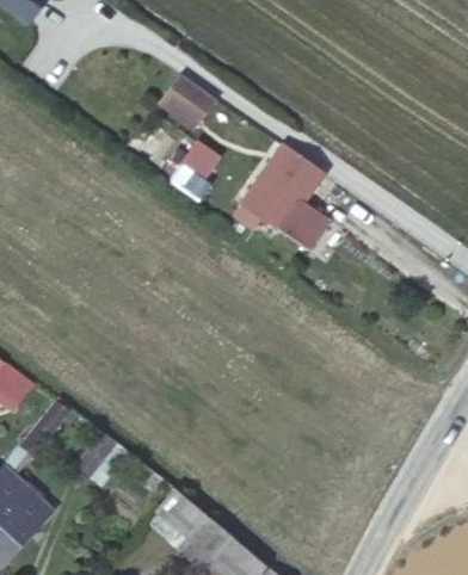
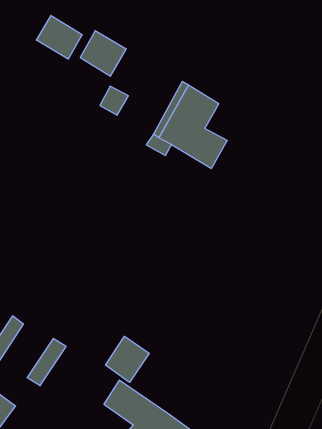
building: none -> [36,15,82,59]
building: none -> [106,336,149,382]

